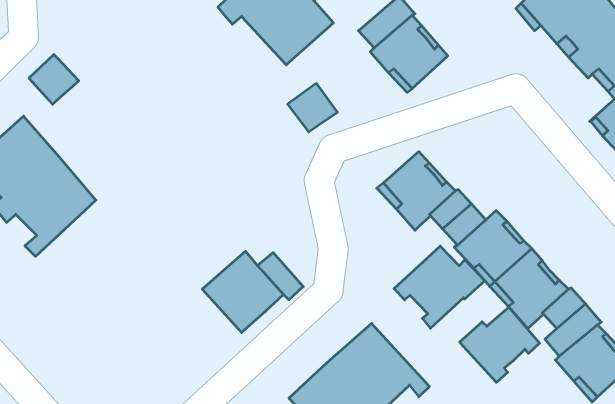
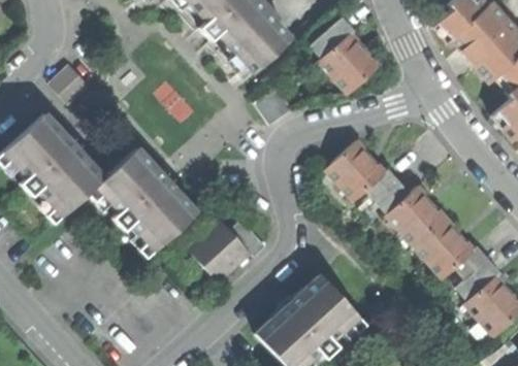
building: none -> [87,147,196,257]
building: [394,246,485,328] -> none
building: [460,307,540,382] -> none

